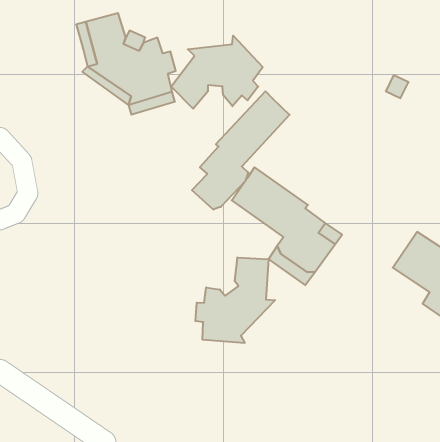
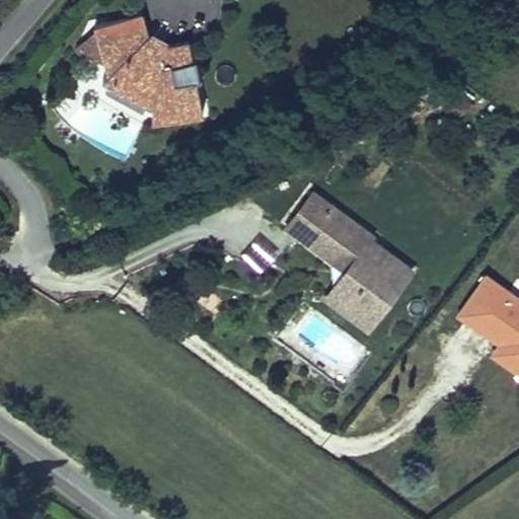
building: [171,36,263,109] -> none
building: [192,91,290,210] -> none
building: [196,257,275,343] -> none

